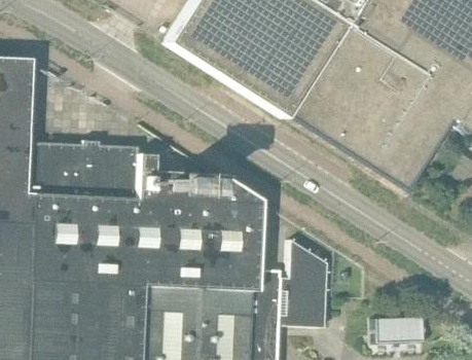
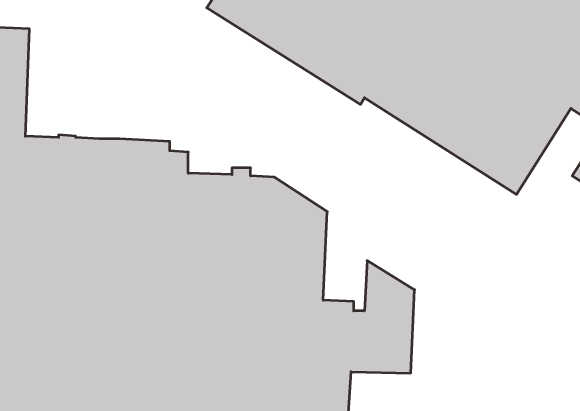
building: [377,318,429,345] -> none

